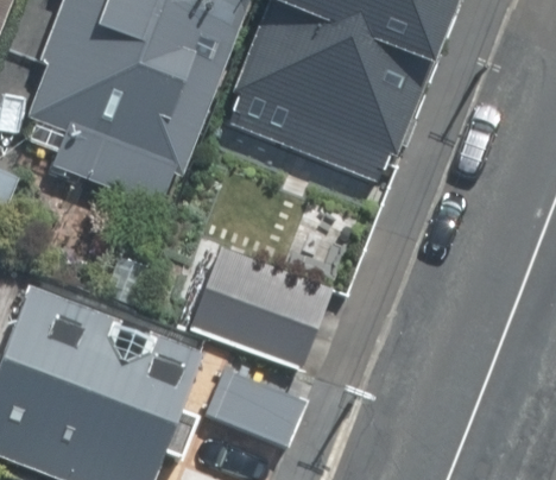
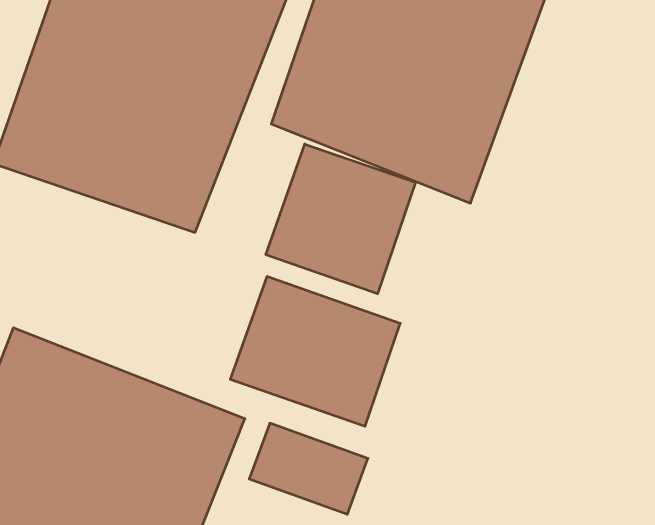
building: none -> [266,144,416,294]

